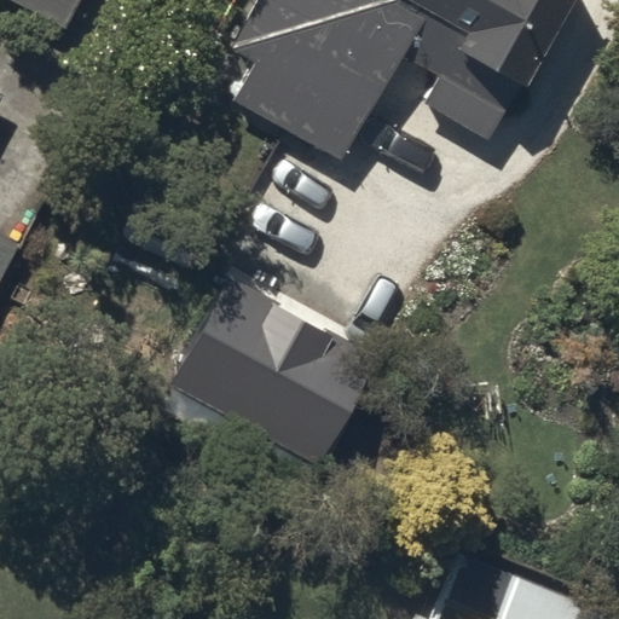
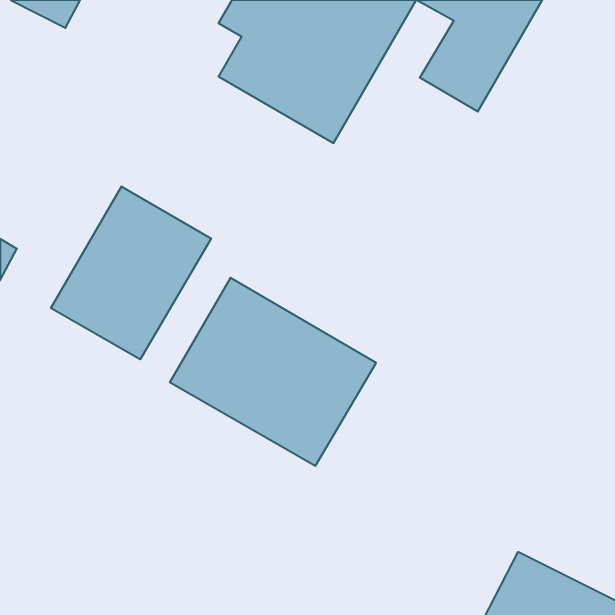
building: none -> [51,186,211,359]

